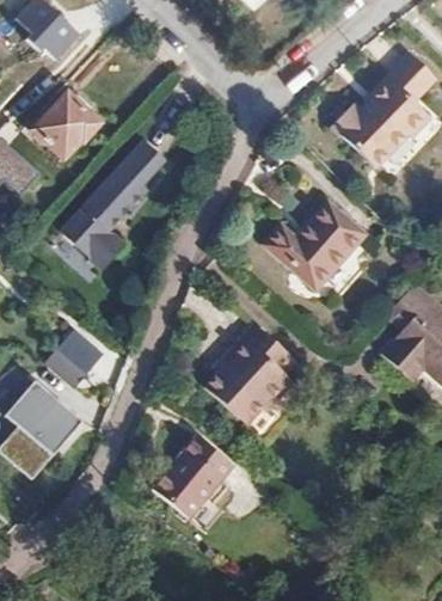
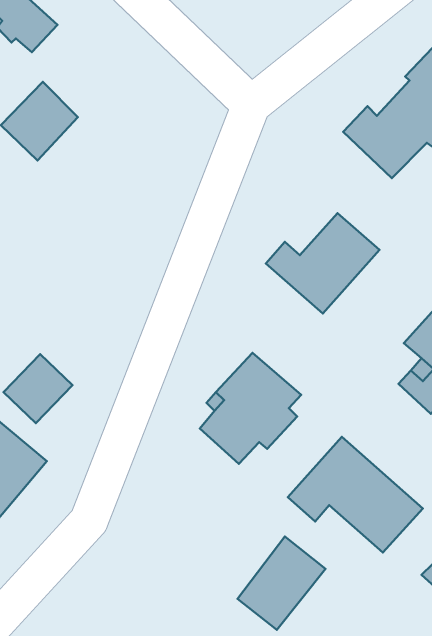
building: [62,141,166,271] -> none
building: none -> [288,437,423,553]
building: [156,435,234,517] -> [238,536,326,630]

